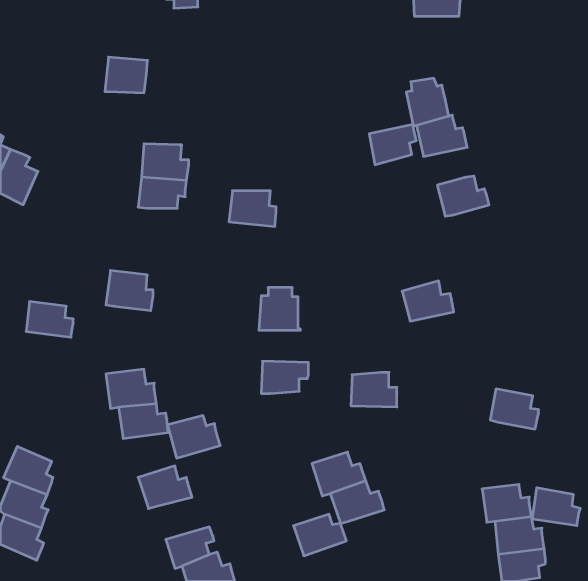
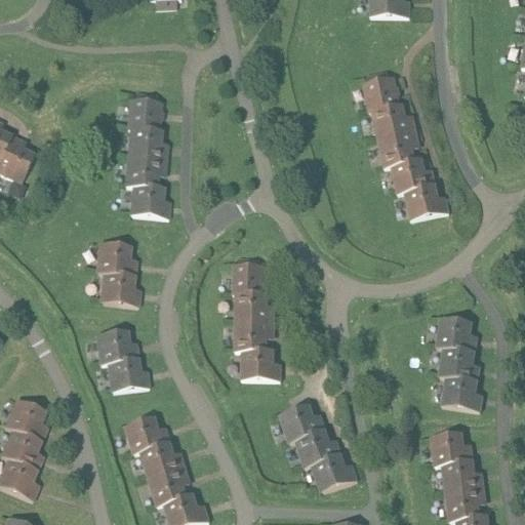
building: [105,57,148,93] -> [125,97,163,129]
building: [369,125,416,165] -> [377,131,419,167]
building: [229,191,276,226] -> [128,186,170,217]
building: [402,281,454,321] -> [403,183,449,218]
building: [26,302,73,337] -> [98,273,140,305]
building: none -> [234,294,275,323]
building: none -> [435,316,478,353]
building: [351,372,397,407] -> [240,349,281,379]
building: [167,416,220,458] -> [139,443,187,481]
building: [532,488,580,526] -> [440,376,483,410]
building: [293,514,346,556] -> [311,454,358,491]

